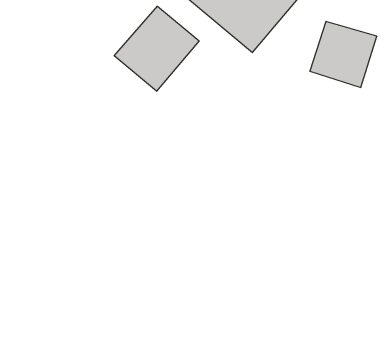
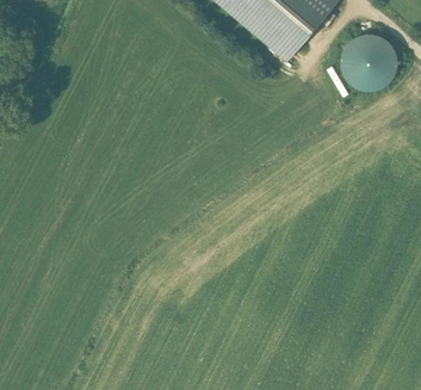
building: [114,6,199,91] -> none

